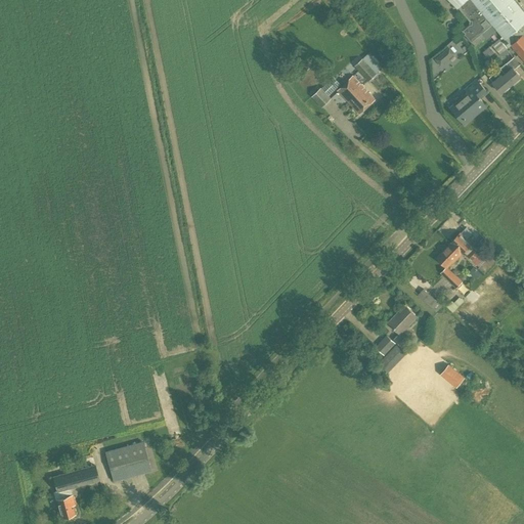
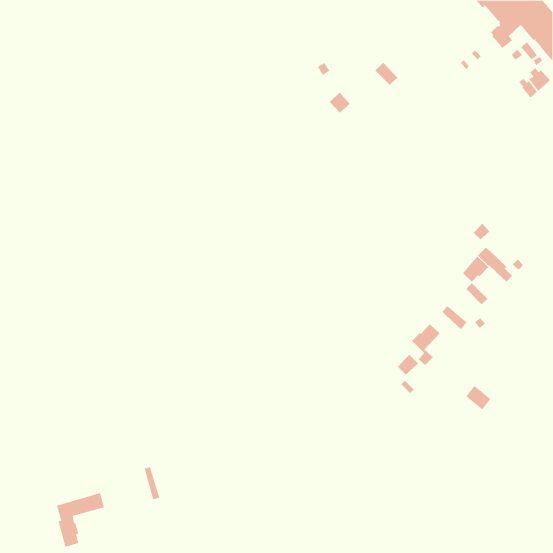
building: [338,77,375,114] -> none
building: [450,80,487,124] -> none
building: [104,447,129,481] -> none

